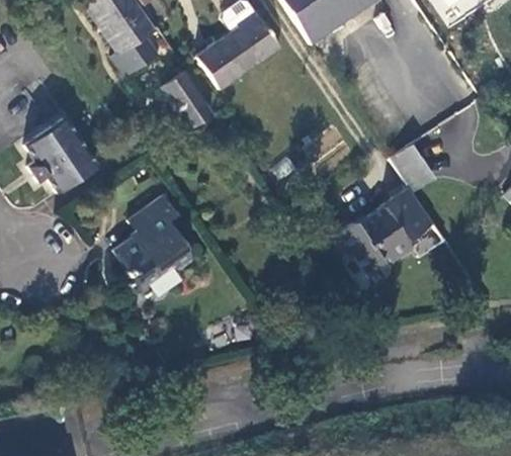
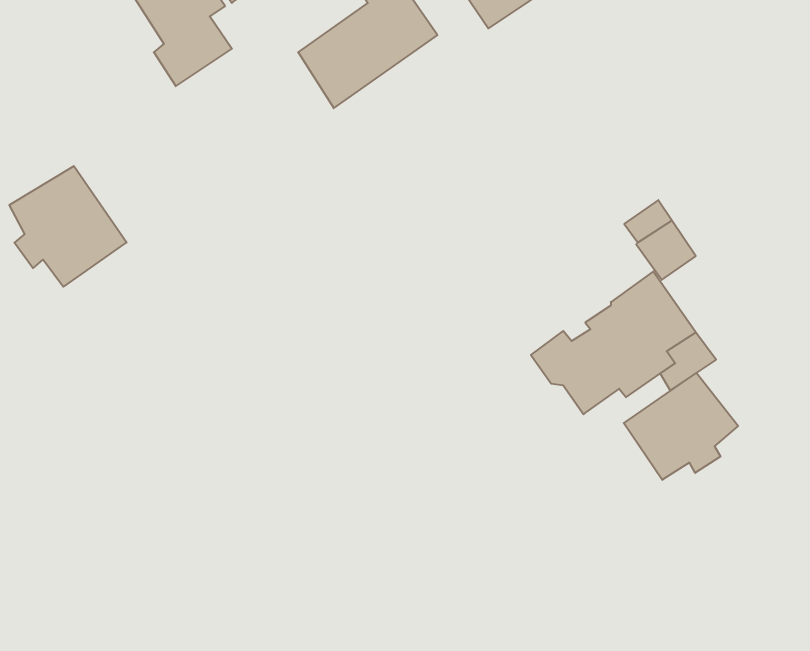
building: [162,71,212,127] -> none
building: [114,194,198,295] -> none
building: none -> [624,373,738,480]

